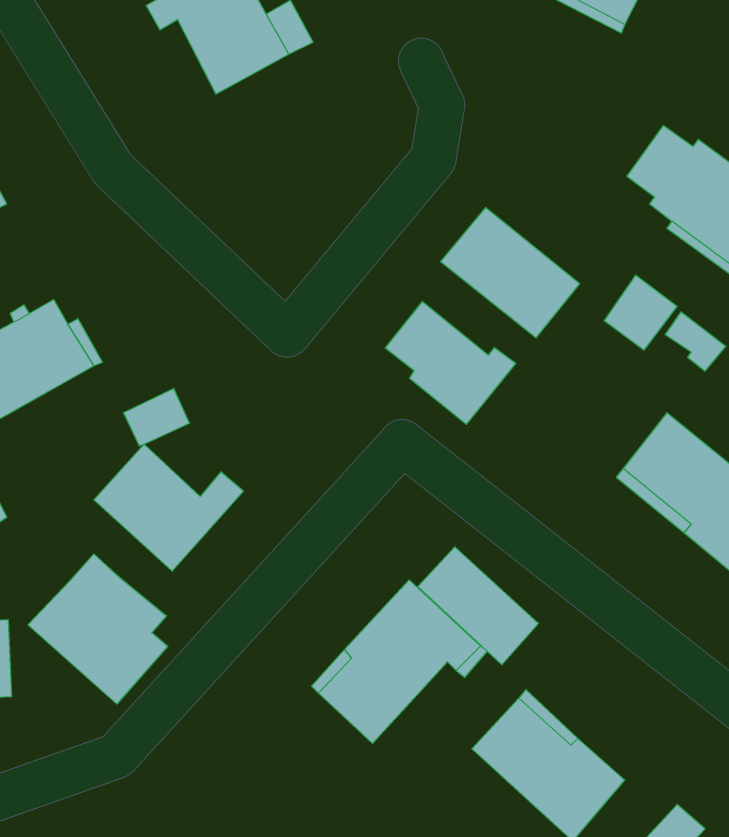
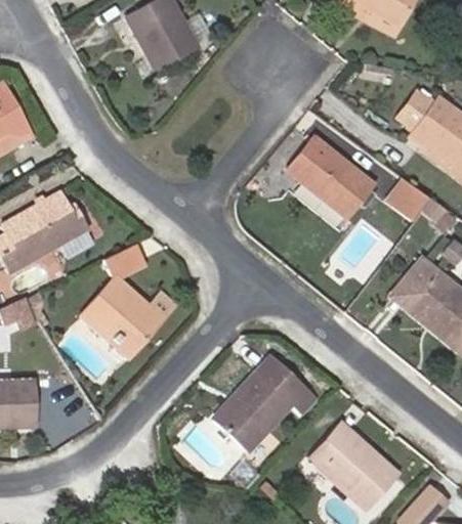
building: [385,301,516,424] -> none
building: [418,547,539,665] -> none
building: [28,554,168,704] -> none

